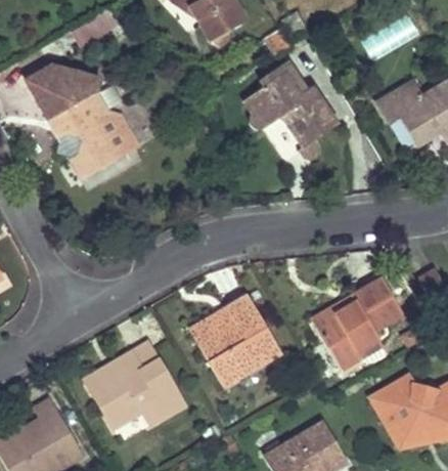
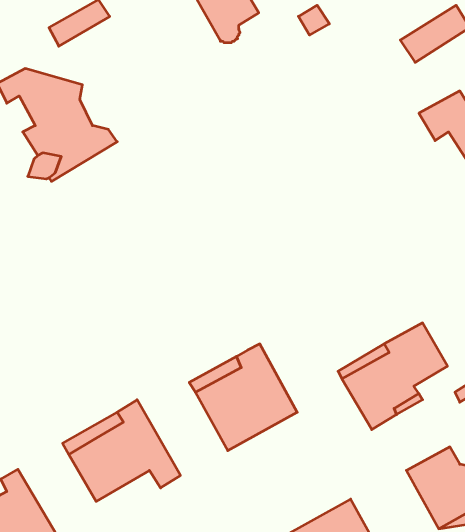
building: [248,75,337,162] -> none
building: [76,127,140,176] -> none

